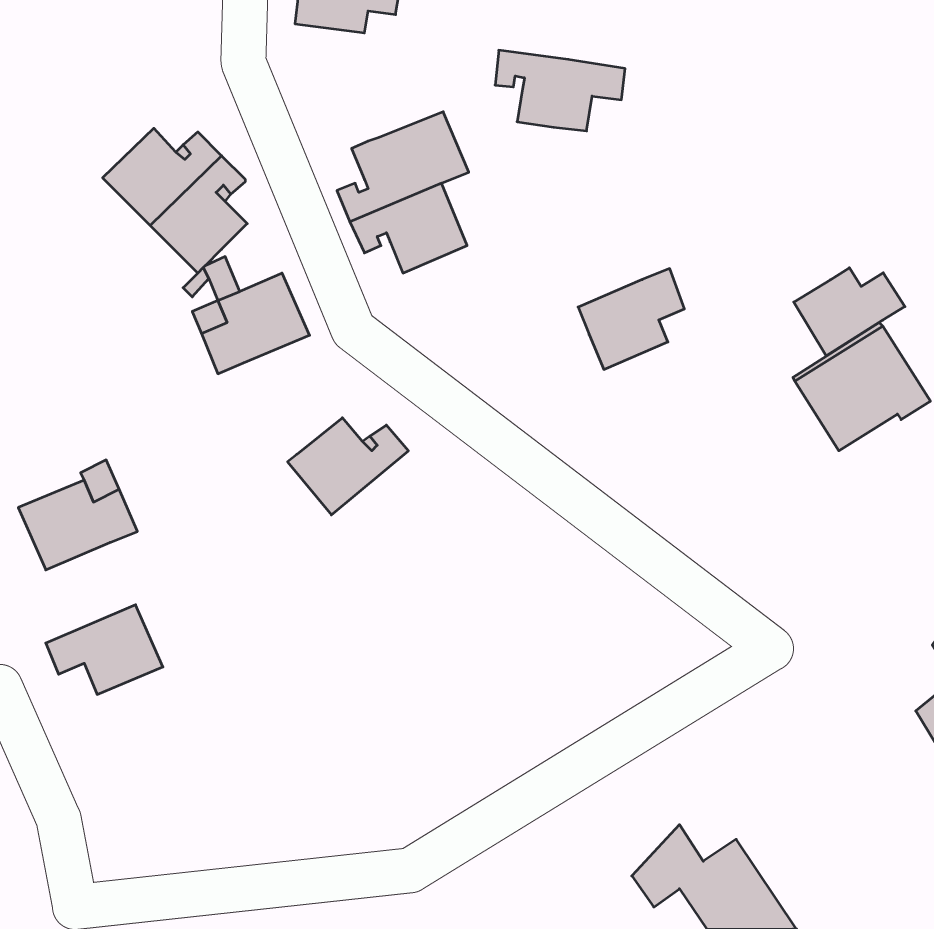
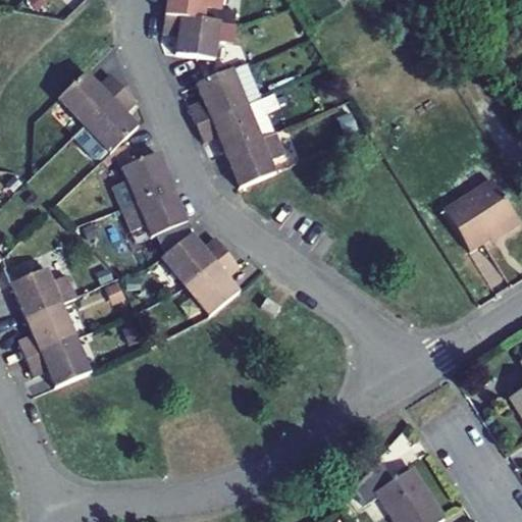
building: [495,50,625,131] -> [163,13,236,58]
building: [794,268,905,356] -> none
building: [578,269,684,369] -> [225,130,284,187]
building: none -> [122,187,192,253]
building: none -> [186,251,240,315]
building: none -> [18,302,76,358]

